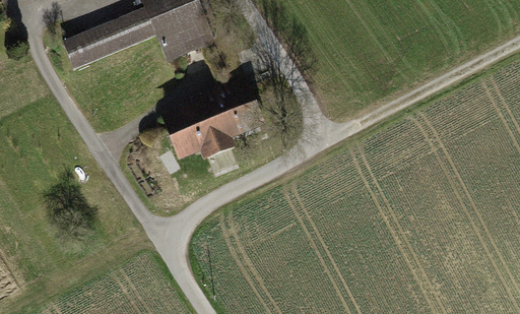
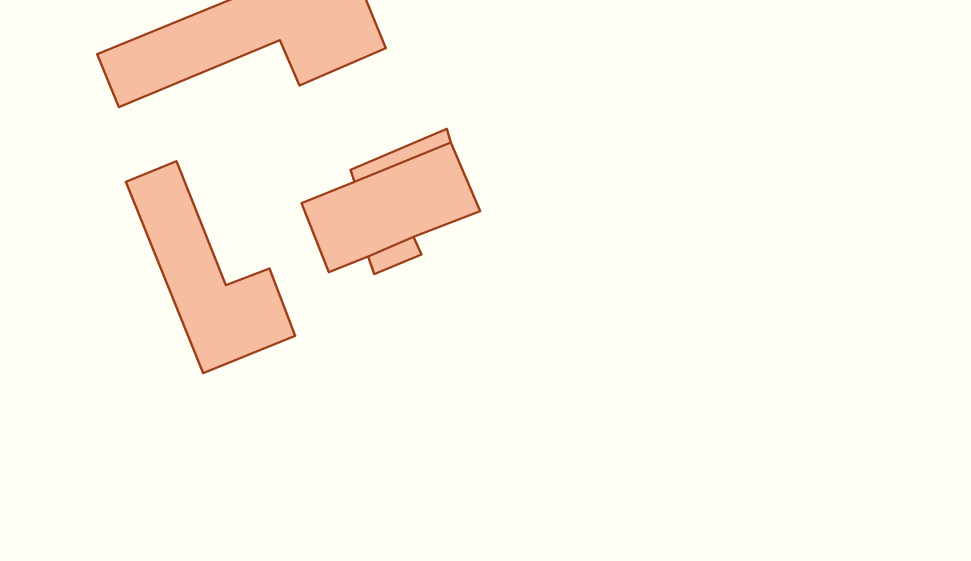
building: none -> [126,161,295,373]

